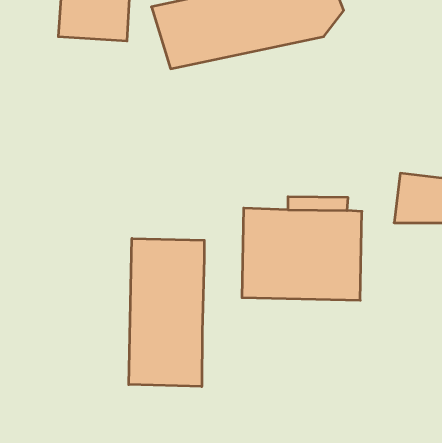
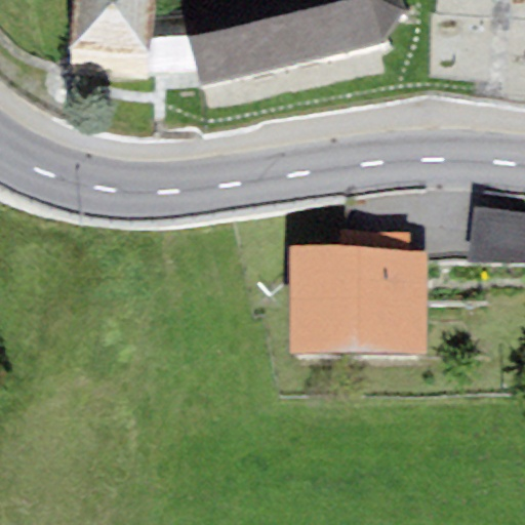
building: [129,238,204,387] -> none

